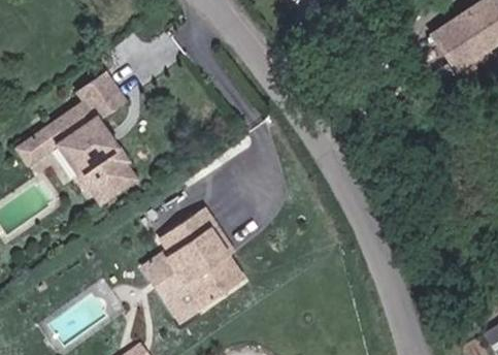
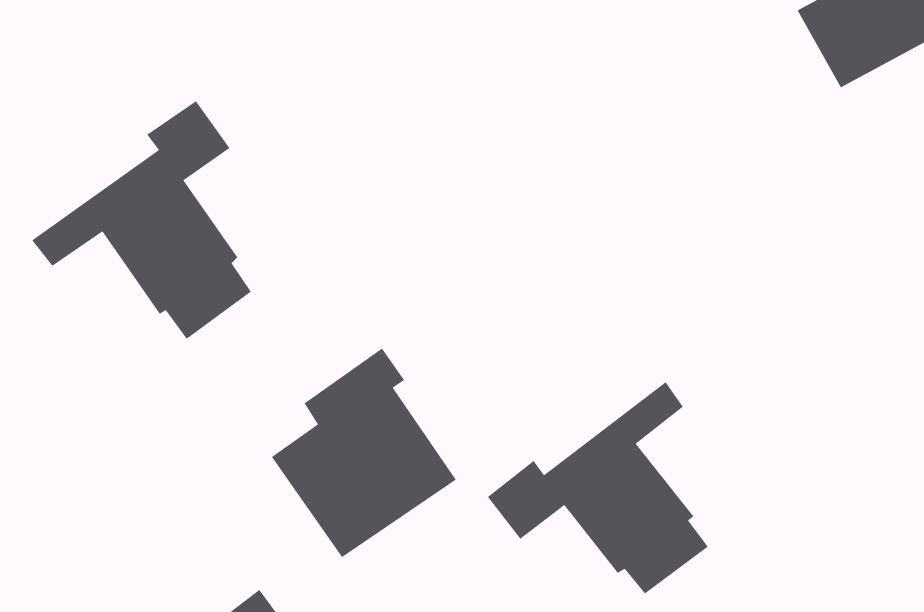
building: none -> [487,381,709,594]

